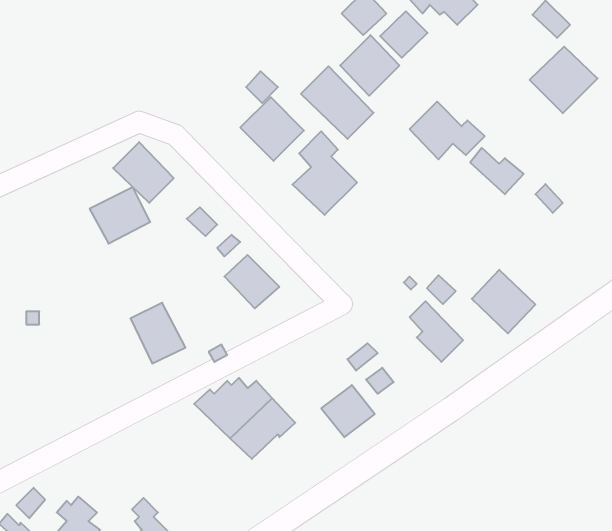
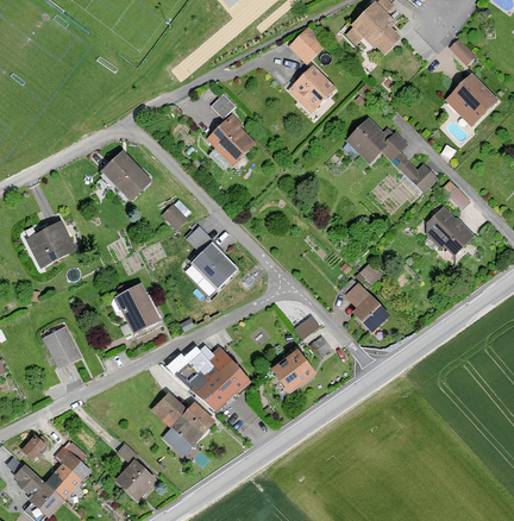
building: [380,11,428,58] -> none
building: [301,66,374,139] -> none
building: [292,131,357,215] -> none
building: [90,187,150,244] -> [26,221,76,268]
building: [472,270,535,333] -> [421,207,474,259]
building: none -> [43,327,81,370]
building: none -> [151,394,215,456]

